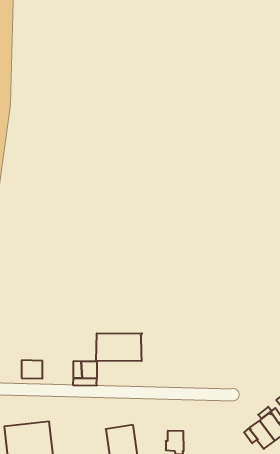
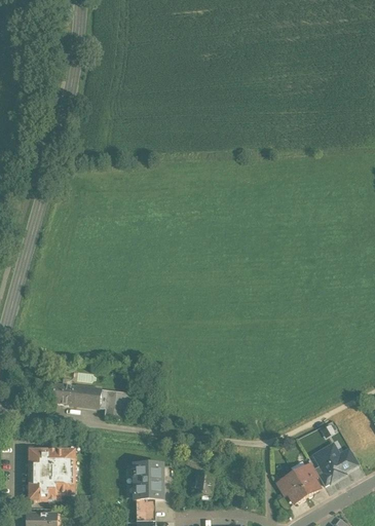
building: [96,333,142,361] -> none
building: none -> [71,385,99,407]

